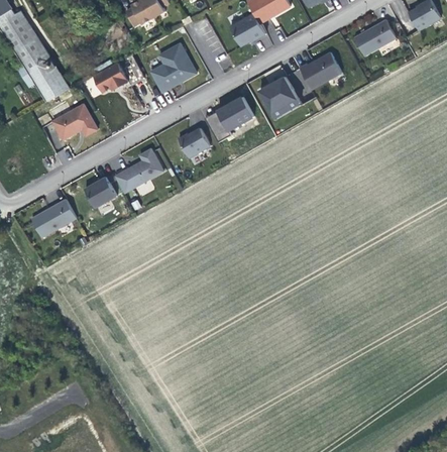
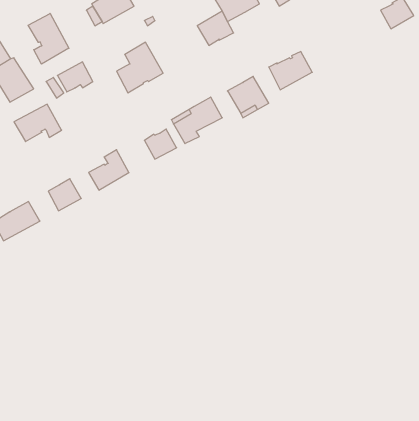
building: none -> [28,13,69,64]
building: [354,18,397,55] -> none

